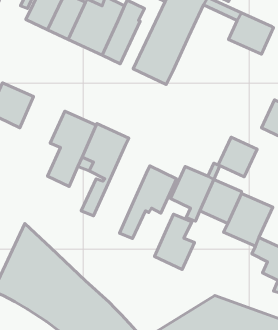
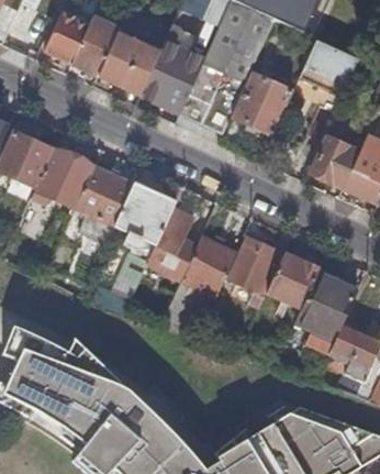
building: none -> [230,70,292,134]
building: none -> [35,147,92,207]
building: [218,137,257,177] -> [309,136,358,187]
building: [155,214,194,269] -> [145,209,195,279]

